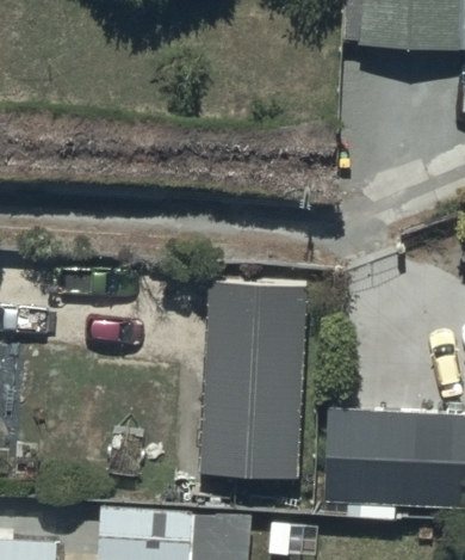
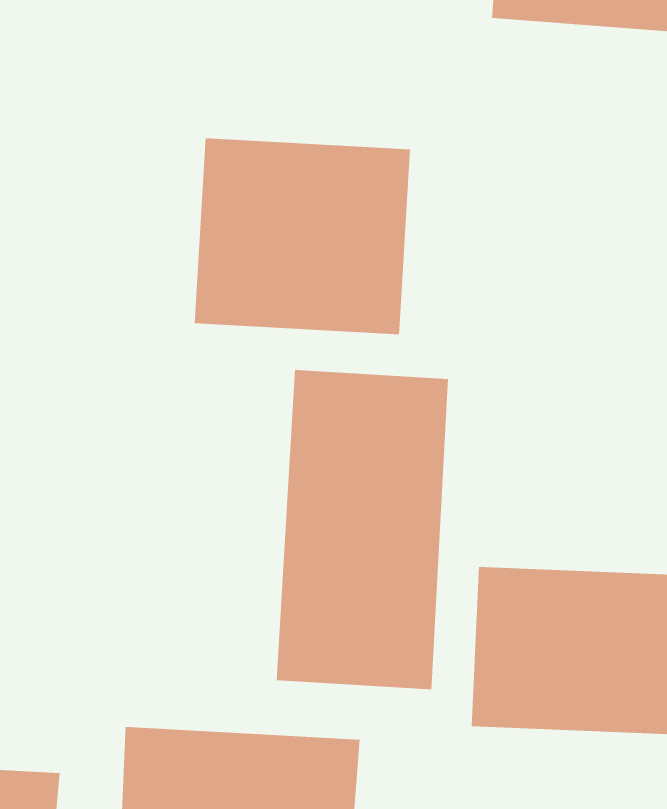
building: none -> [194,137,411,335]

